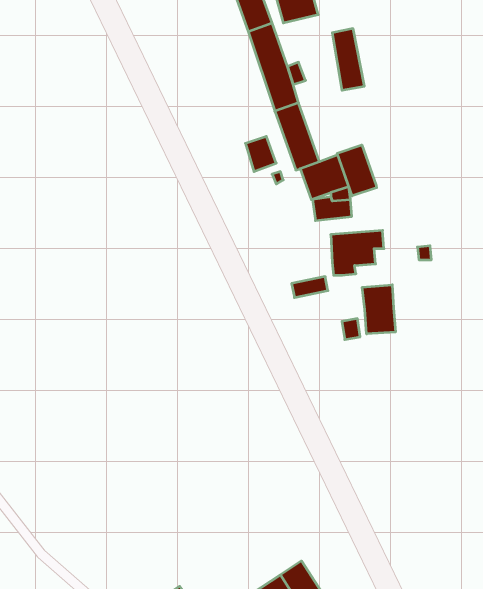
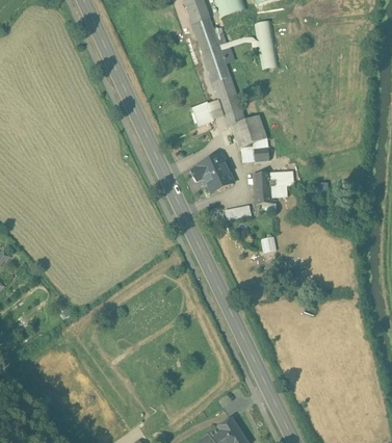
building: [337,145,377,196] -> none
building: none -> [190,155,233,193]
building: [362,285,395,334] -> none

